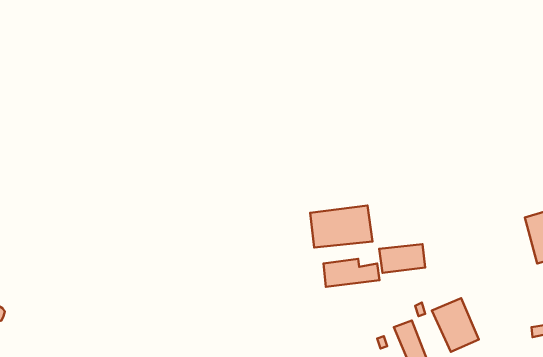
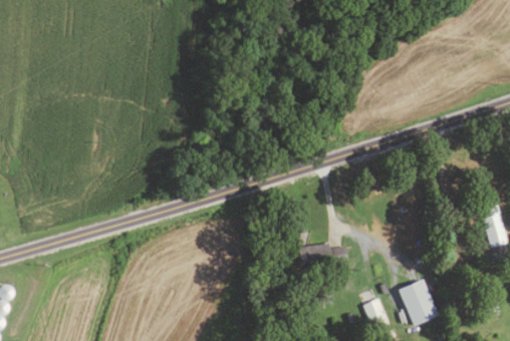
building: [310,206,372,247] -> none
building: [379,244,425,273] -> none

